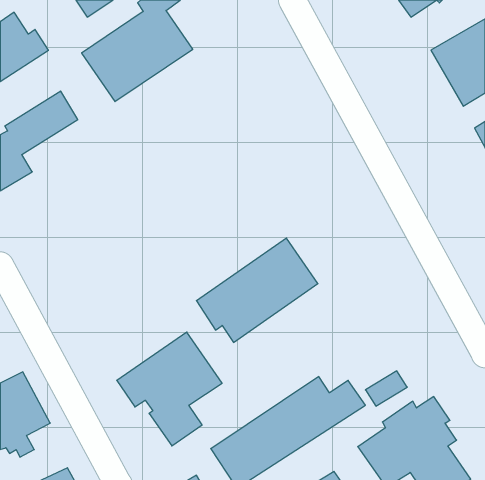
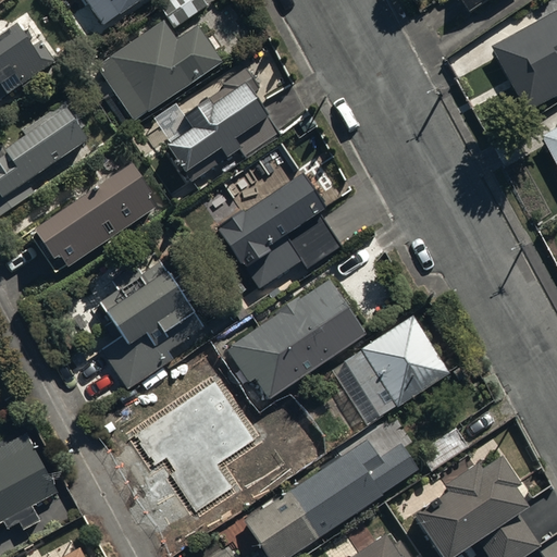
building: none -> [154,85,267,196]
building: none -> [30,158,159,273]
building: none -> [216,168,341,288]
building: none -> [100,260,205,389]
building: none -> [330,314,449,426]

